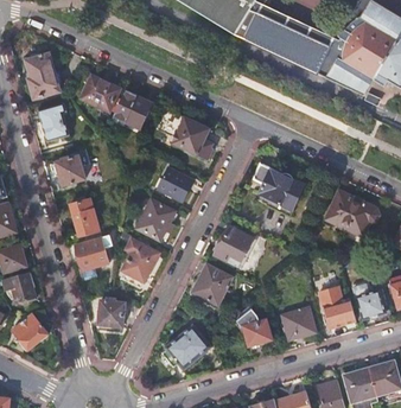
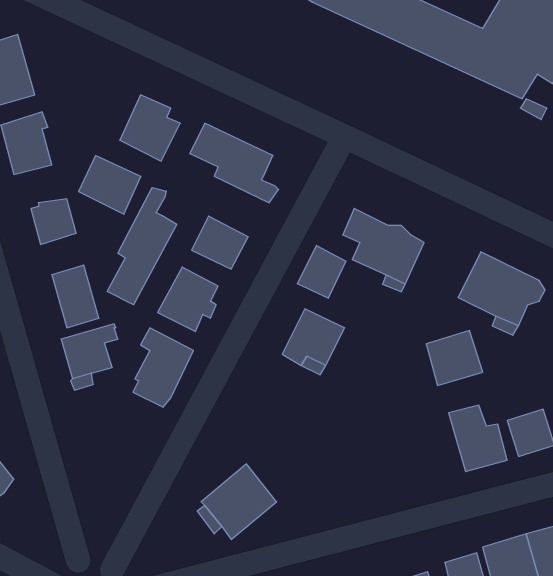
building: [82,75,121,111] -> [79,156,141,214]
building: none -> [107,188,177,305]
building: none -> [297,245,346,298]
building: [193,263,233,304] -> none
building: [98,297,125,326] -> none
building: [281,305,317,339] -> [426,331,483,385]
building: [236,306,272,345] -> none

